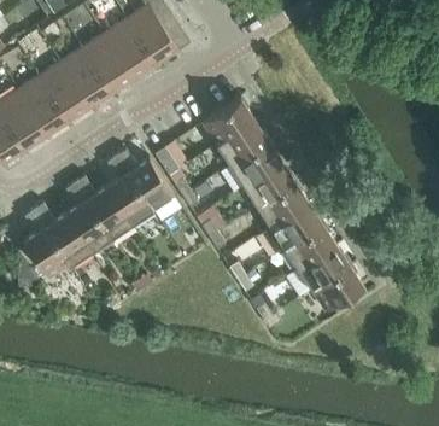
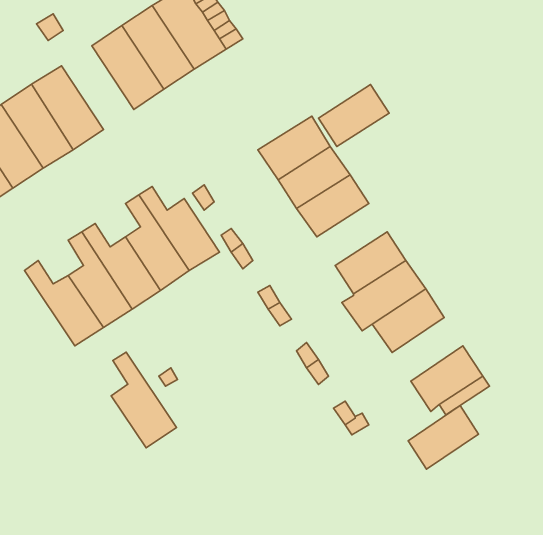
building: [60,47,112,107] -> none
building: [244,161,294,205] -> [319,85,389,147]
building: [23,209,70,278] -> [111,352,177,448]
building: [298,243,349,288] -> [408,406,479,469]

